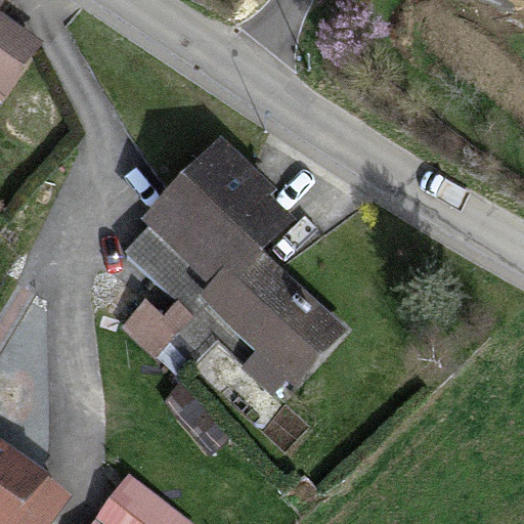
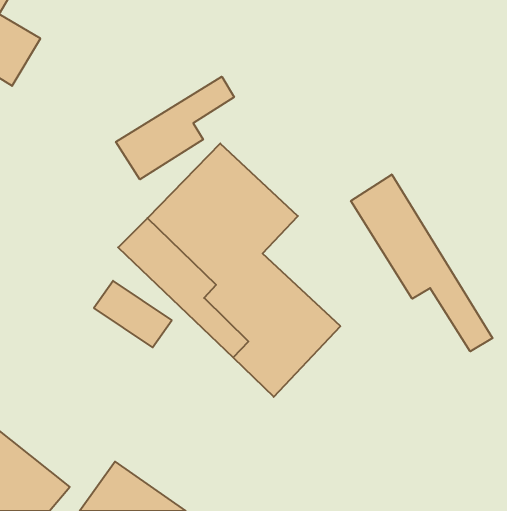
building: none -> [116,77,234,179]
building: none -> [351,174,493,351]

